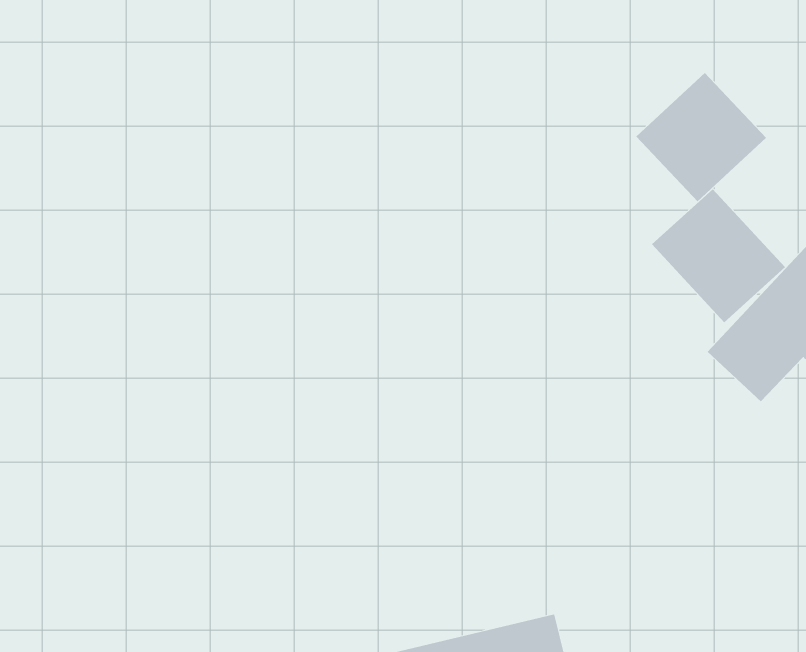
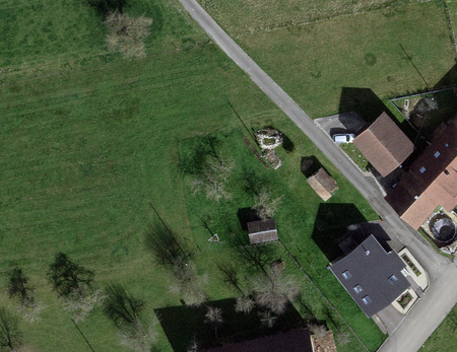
building: [635,72,767,202] -> none
building: none -> [333,234,406,308]

